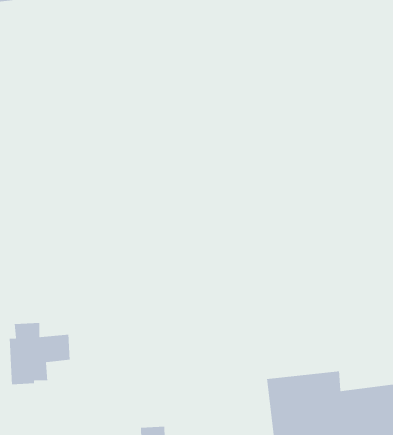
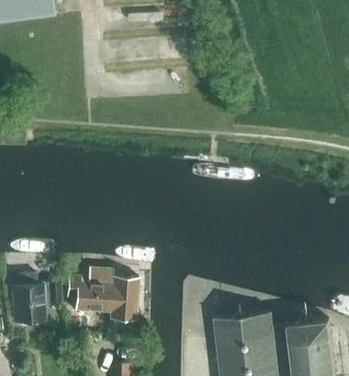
building: none -> [66,275,138,321]

